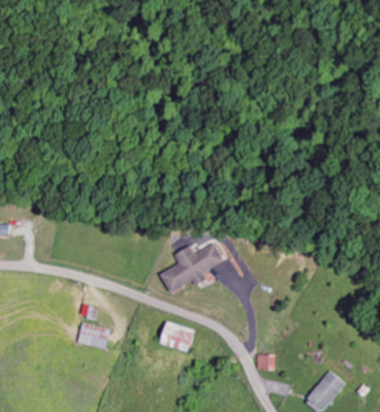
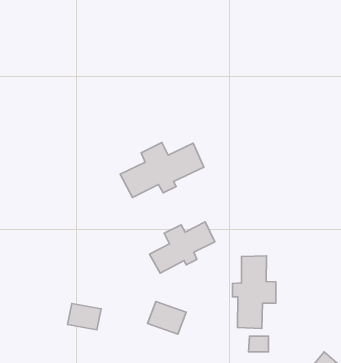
building: none -> [120,143,204,198]
building: none -> [233,256,276,329]

